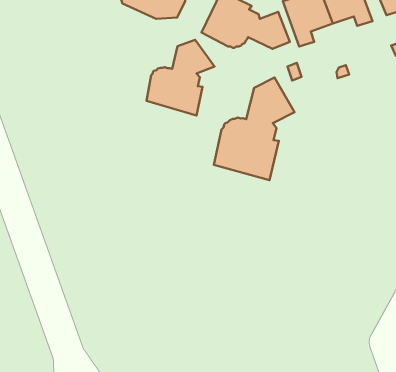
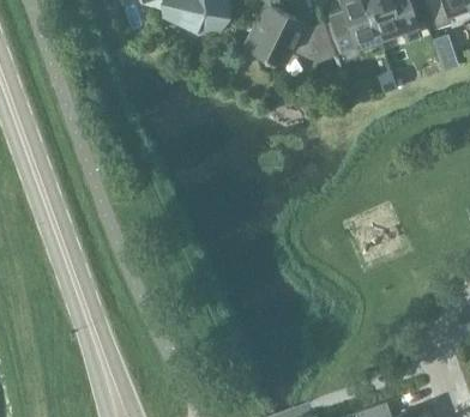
building: [146,40,215,116] -> none
building: [214,78,294,180] -> none

